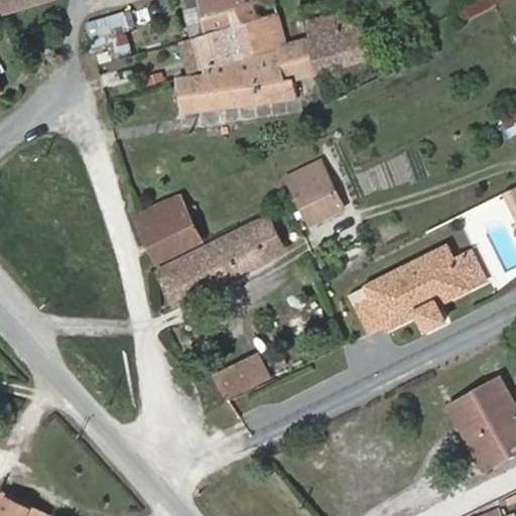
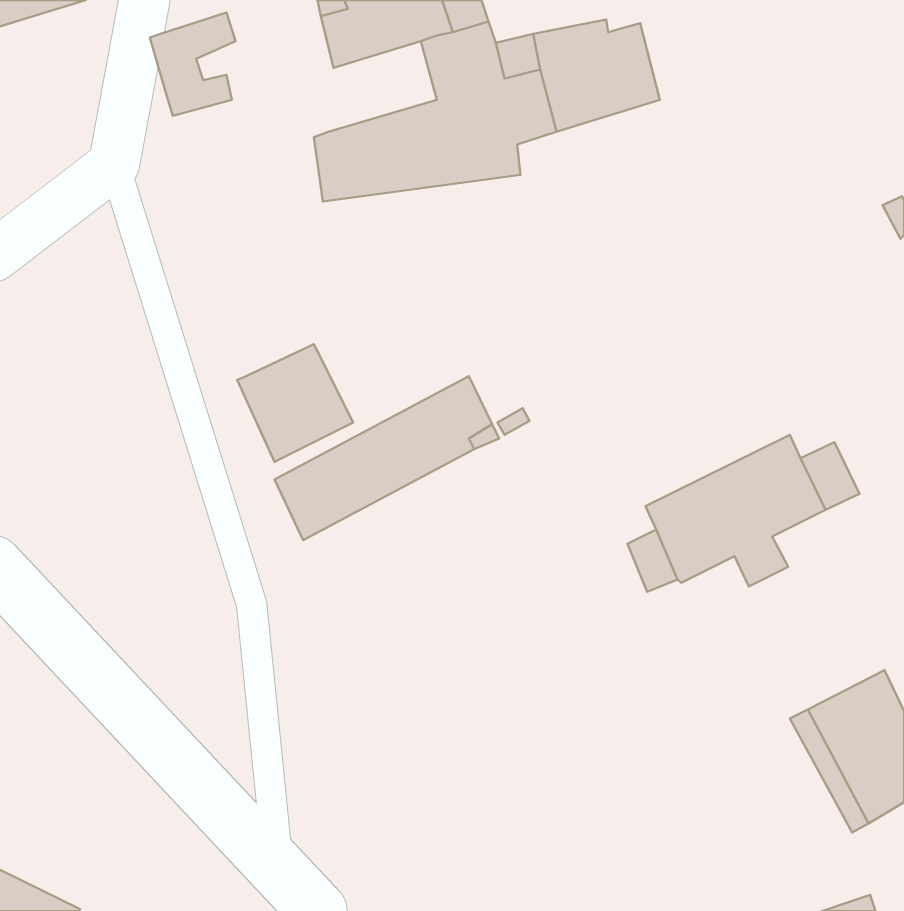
building: [176,23,247,75] -> none
building: [284,161,342,224] -> none
building: [214,359,257,402] -> none

